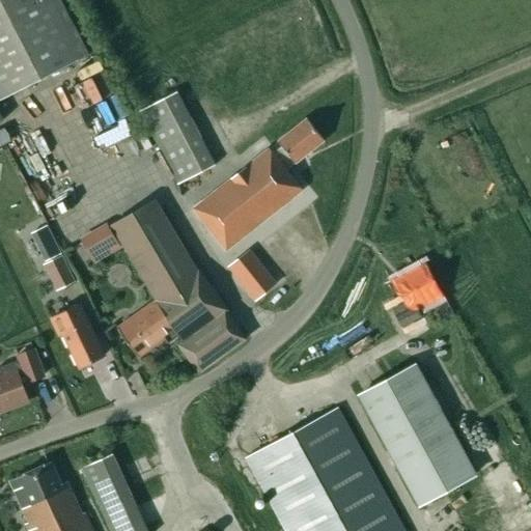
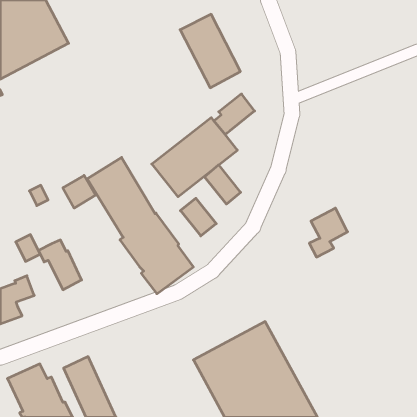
building: [138,92,215,186] -> [180,14,240,88]
building: none -> [204,165,241,204]
building: [44,256,75,290] -> [16,235,40,261]
building: [119,305,177,359] -> none
building: [360,365,475,505] -> none

